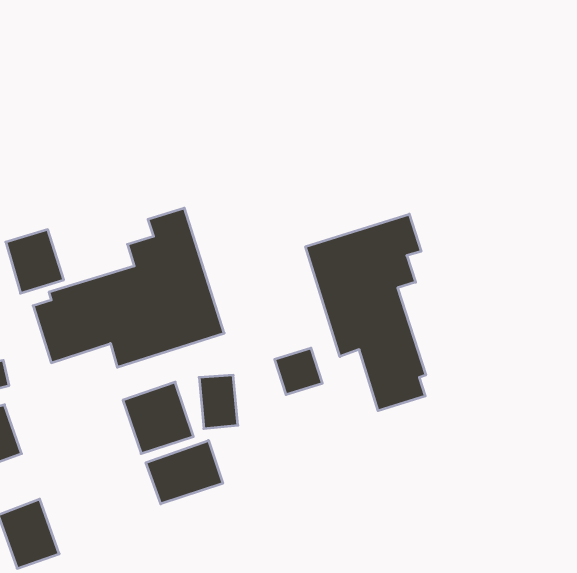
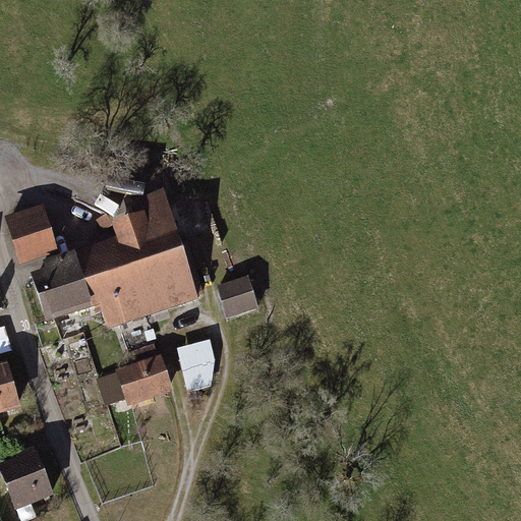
building: [306,214,426,411] -> none
building: [275,348,322,395] -> [214,276,256,317]
building: [146,440,223,504] -> none

